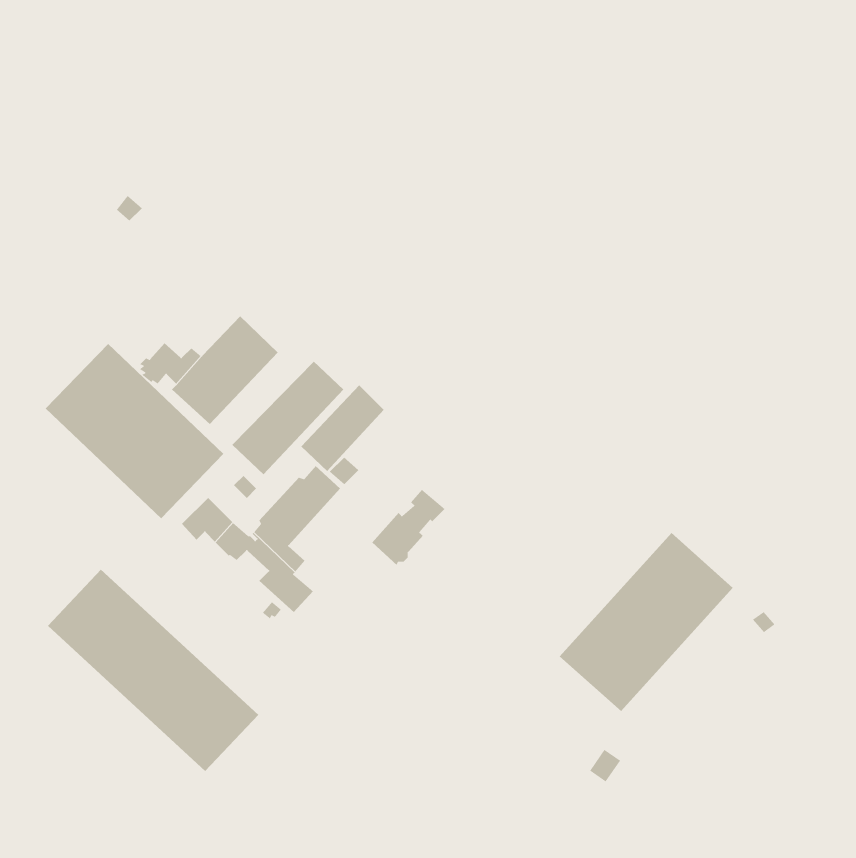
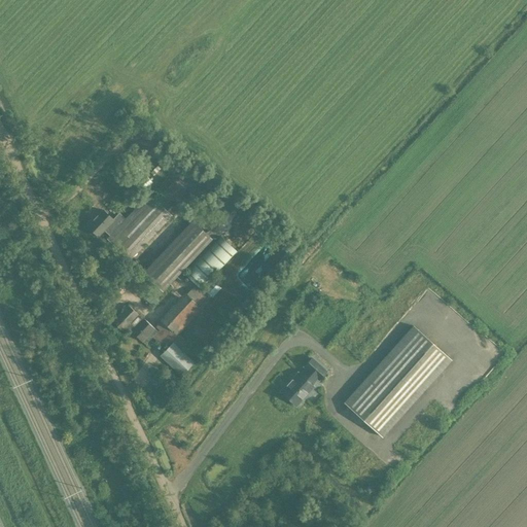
building: [45,343,224,519] -> none
building: [372,489,445,566] -> [280,358,325,406]
building: [47,569,259,772] -> none

